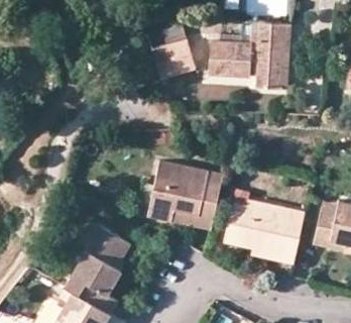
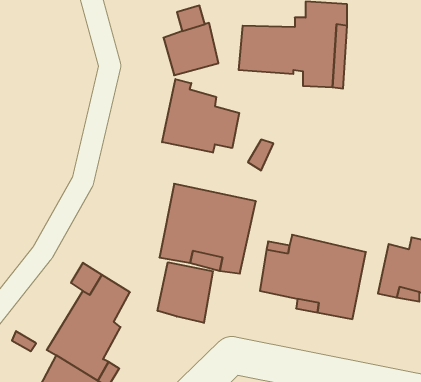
building: none -> [162,79,239,153]
building: none -> [158,262,213,323]

